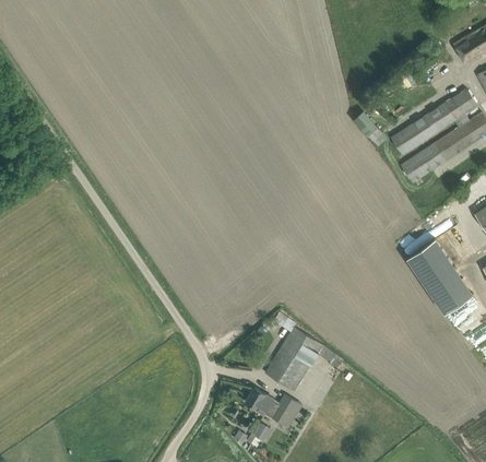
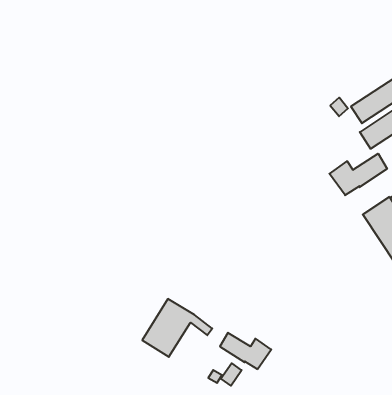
building: none -> [329,154,387,195]
building: [265,328,343,392] -> [142,299,212,357]

